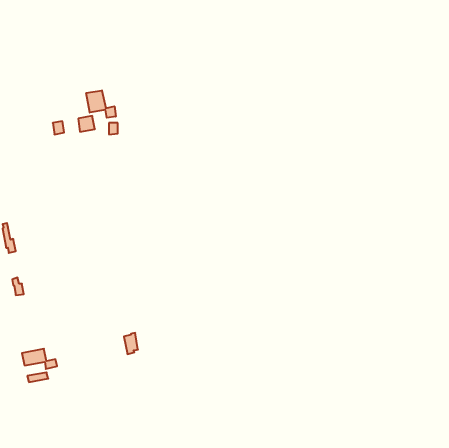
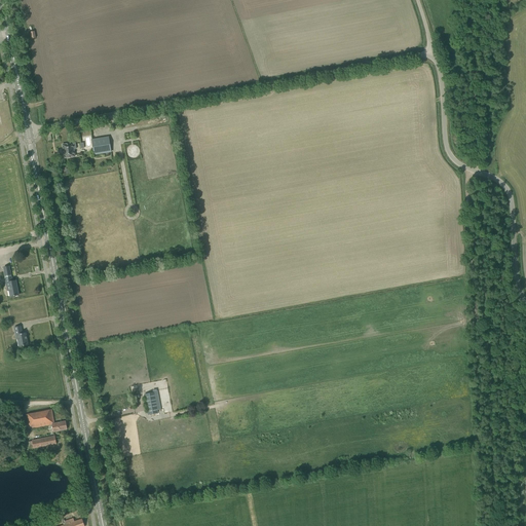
building: [86,90,116,118] -> none

